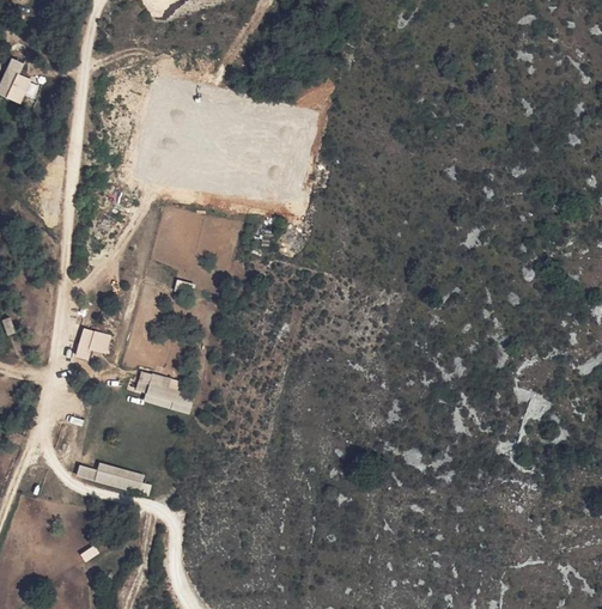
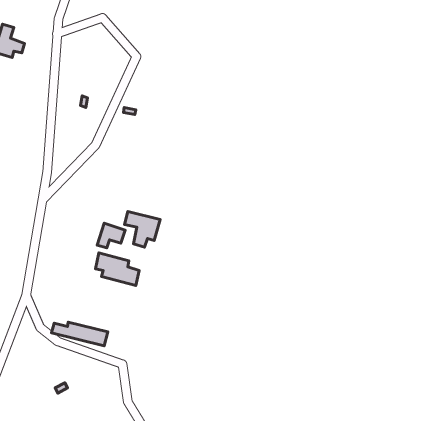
building: none -> [124,211,160,247]
building: [74,327,113,360] -> [97,223,125,248]

